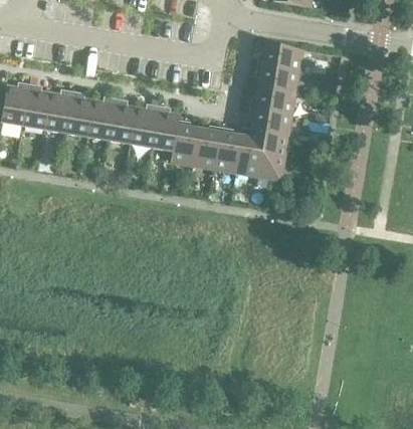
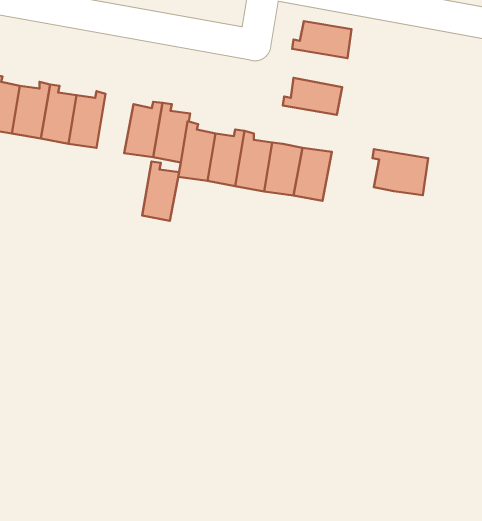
building: [255,64,298,93] -> none
building: [108,98,136,144] -> [142,161,179,221]
building: [248,108,290,143] -> [373,149,428,195]

